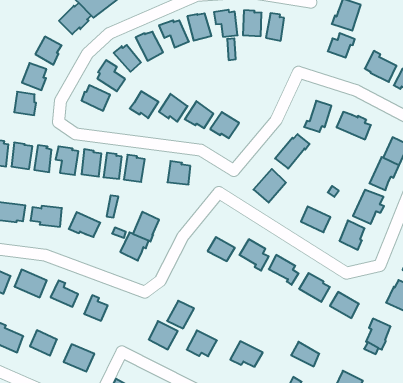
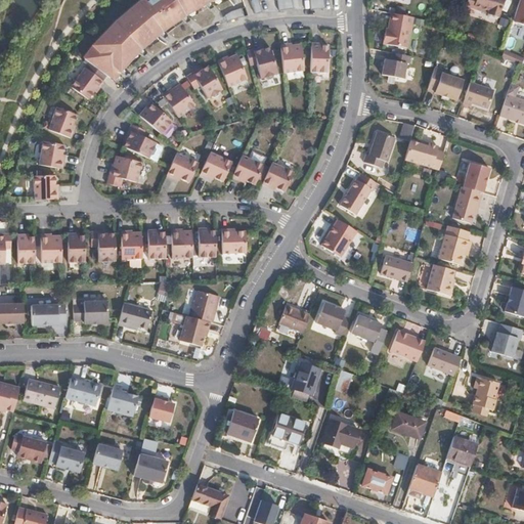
building: none -> [198,226,215,256]
building: [167,301,194,328] -> [291,363,319,394]

